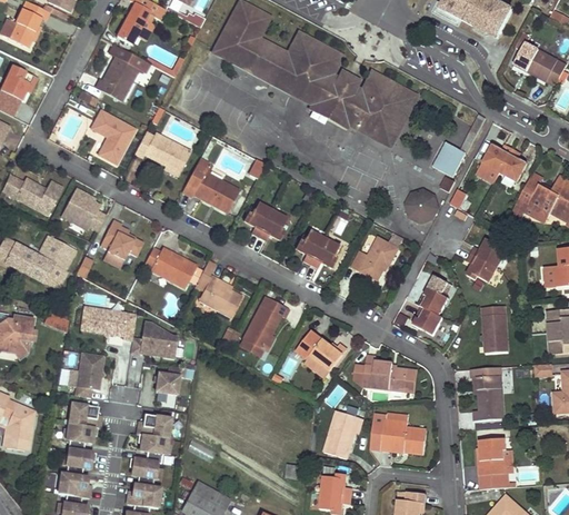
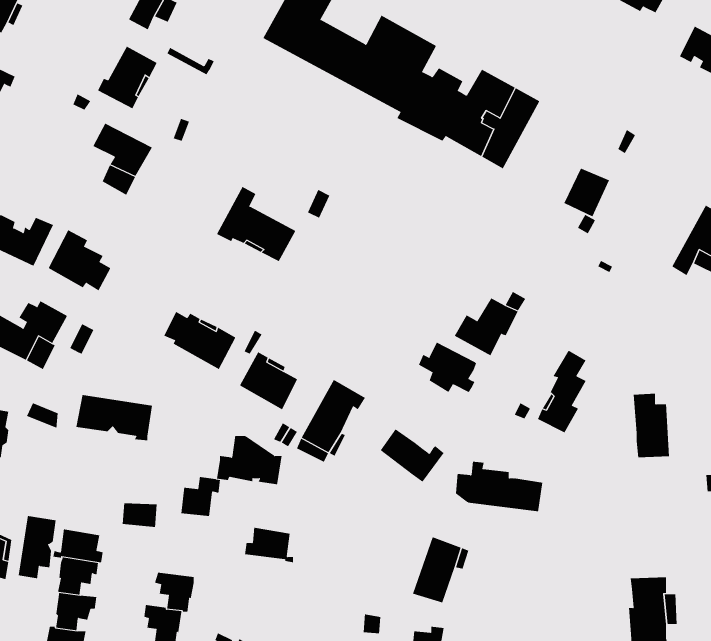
building: [134,130,191,176] -> none
building: [477,143,527,181] -> none
building: [407,189,439,222] -> none
building: [243,202,287,239] -> none
building: [101,220,143,260] -> none
building: [296,230,338,267] -> [418,342,477,393]
building: [467,238,503,281] -> none
building: [130,323,178,358] -> [216,436,282,485]
building: [76,353,103,398] -> [18,515,56,579]
building: [473,376,503,420] -> none
building: [369,414,426,454] -> none
building: [137,415,172,440] -> [244,527,294,563]

